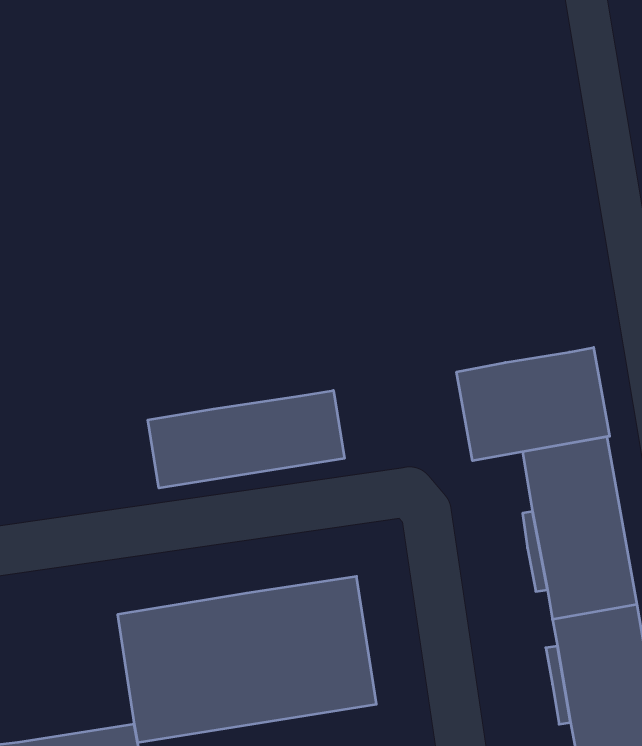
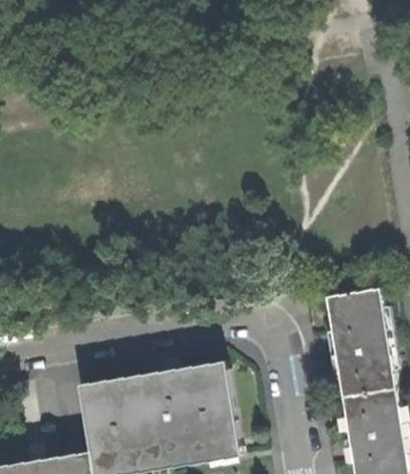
building: [457,347,610,461] -> none
building: [148,390,344,488] -> none

